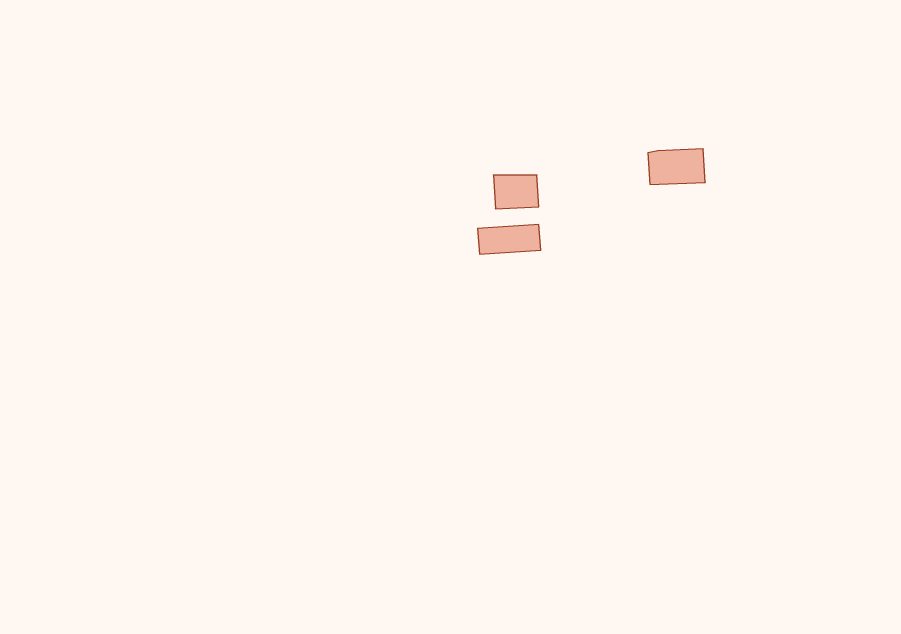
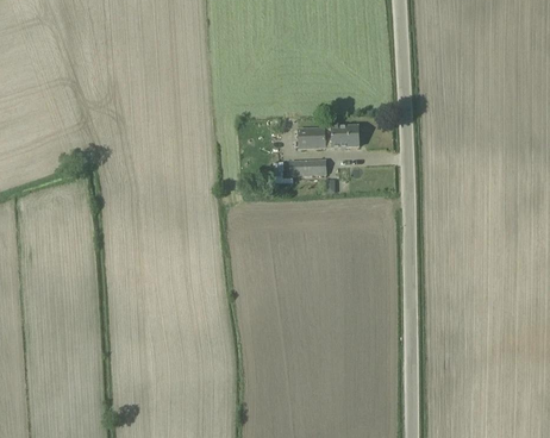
building: [648,149,705,184] -> [324,126,358,148]

